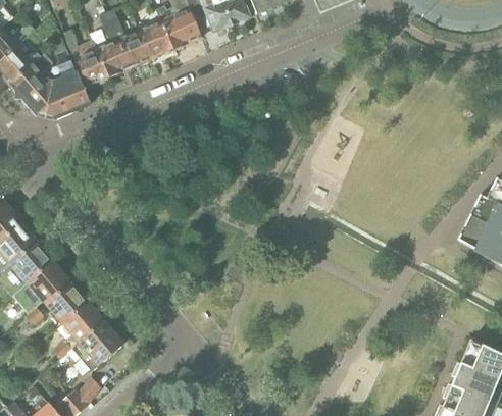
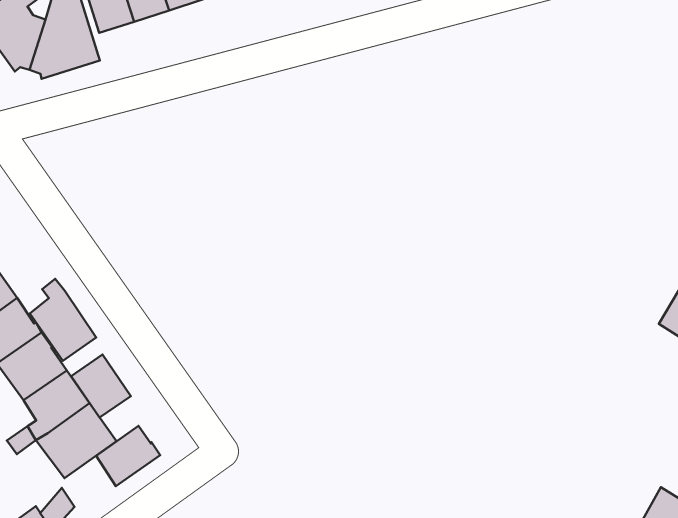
building: none -> [30,279,96,361]
building: none -> [71,354,131,418]
building: none -> [96,426,160,486]

